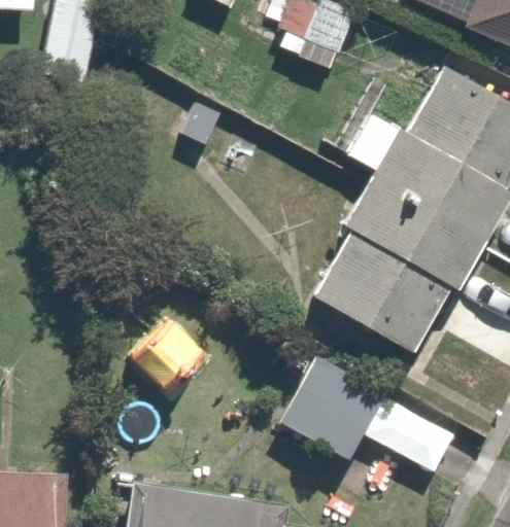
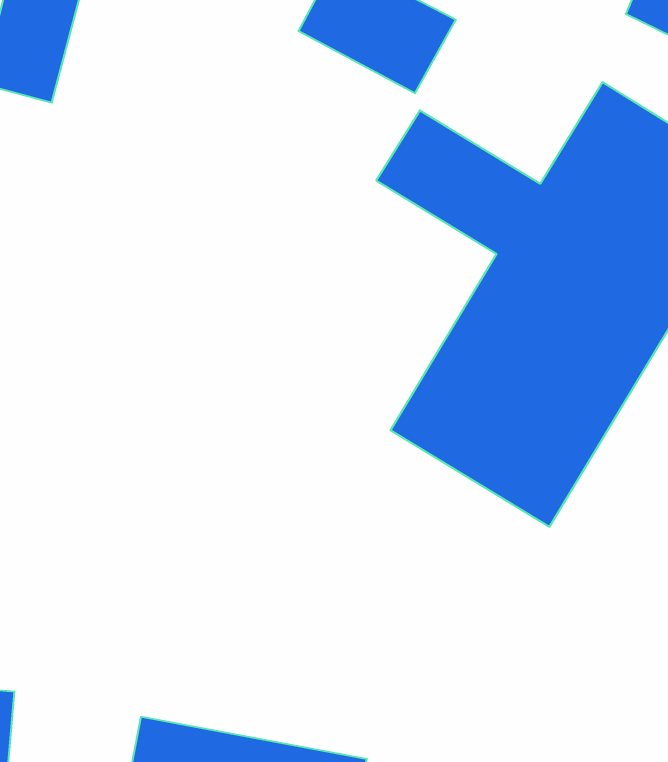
building: [277,335,401,463] -> none

